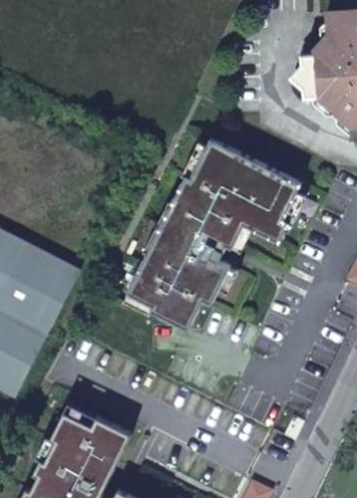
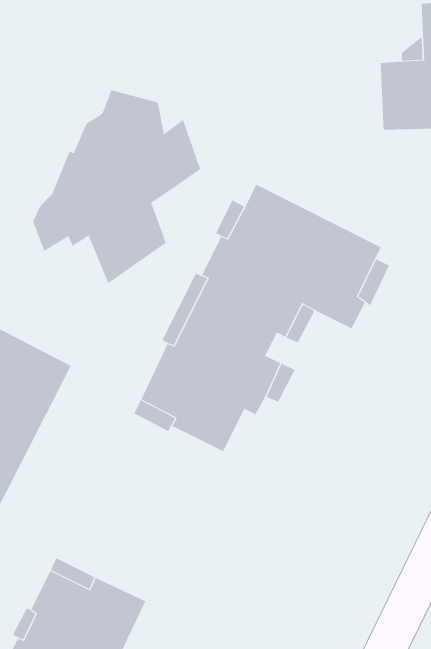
building: none -> [32,90,201,284]

